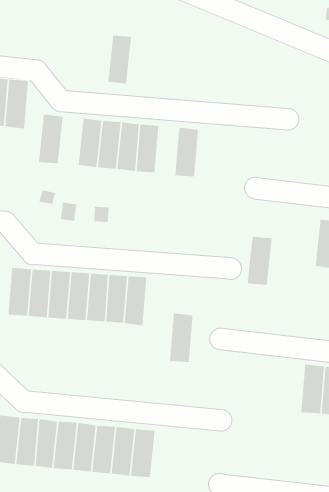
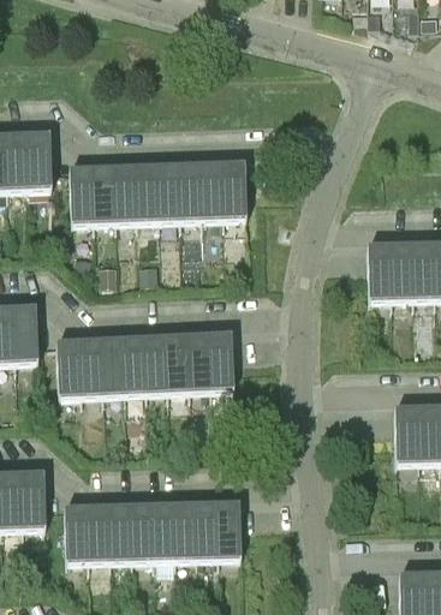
building: [108,35,132,84] -> [93,166,115,220]
building: none -> [199,162,224,216]
building: [247,235,272,285] -> [368,244,392,299]
building: [169,313,194,363] -> [208,332,233,387]

